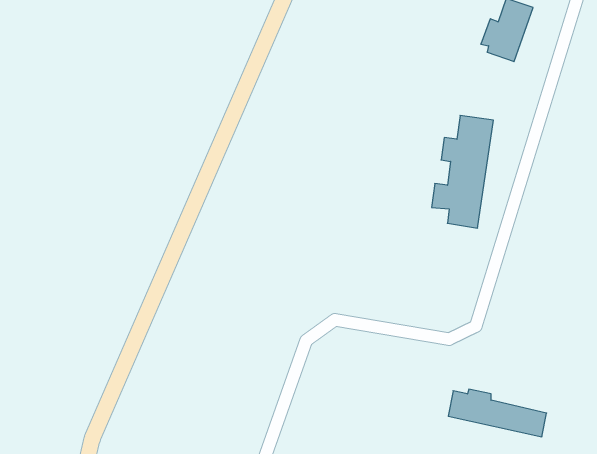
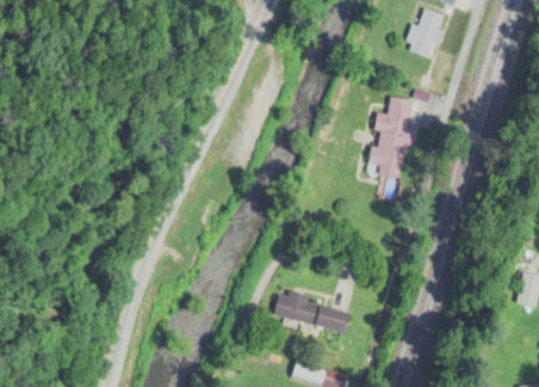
building: [448,389,547,437] -> [273,293,347,328]

